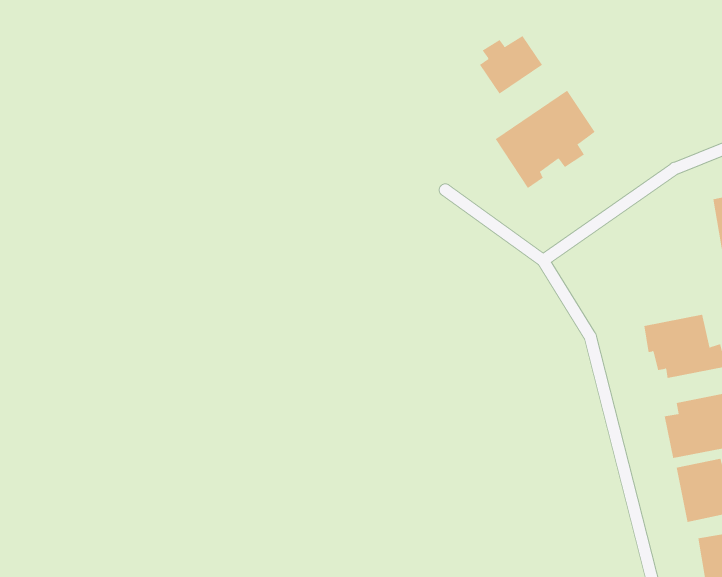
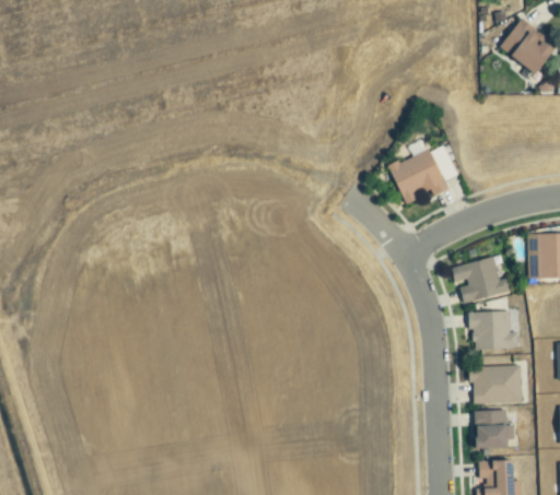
building: [479,35,543,95] -> none
building: none -> [451,257,512,303]

